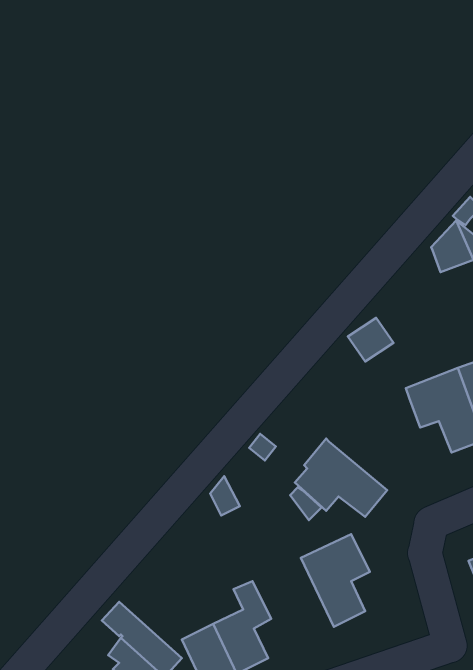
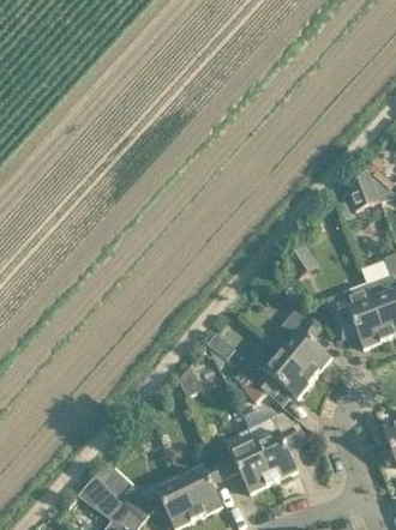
building: none -> [270,308,331,378]
building: none -> [211,429,274,494]

